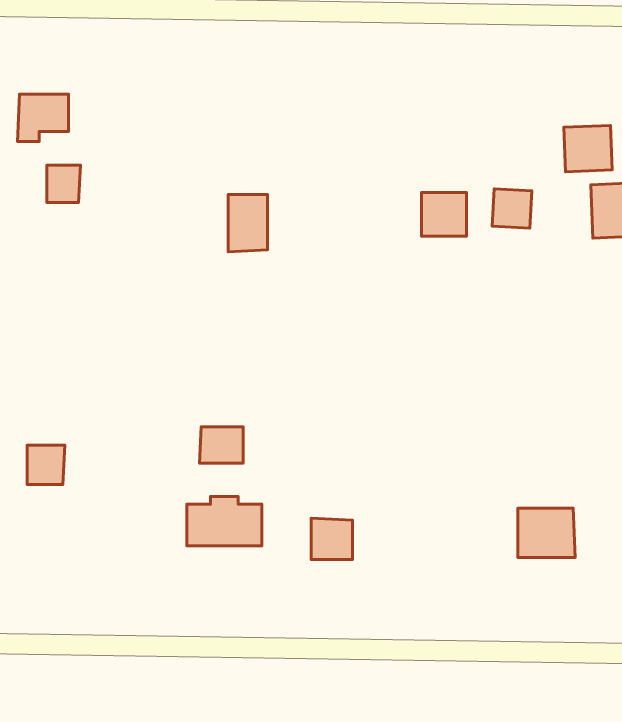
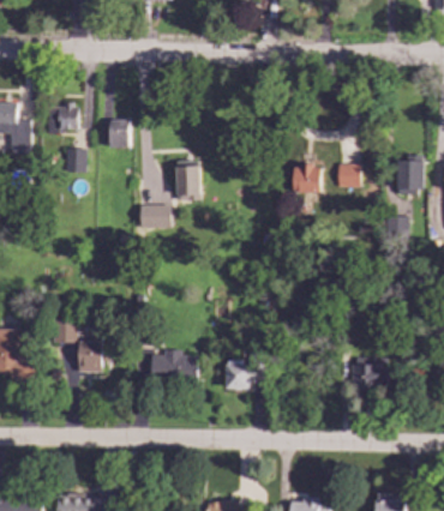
building: none -> [110,118,131,146]
building: [564,125,612,172] -> none
building: none -> [139,204,172,228]
building: [200,427,243,463] -> none
building: none -> [79,341,102,372]

